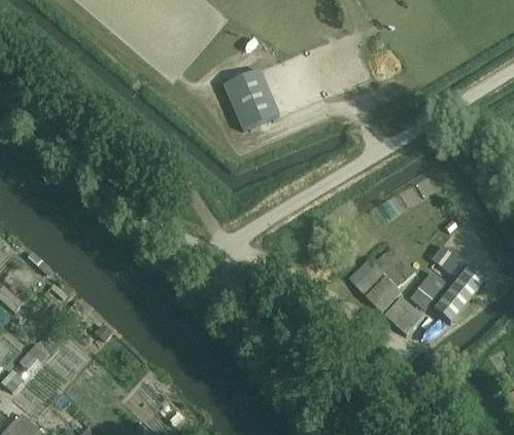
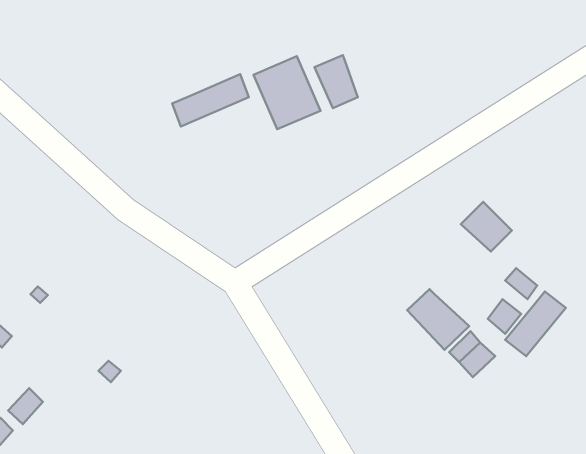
building: none -> [315,55,358,108]
building: none -> [172,74,249,126]
building: [374,248,416,289] -> [461,202,512,252]

